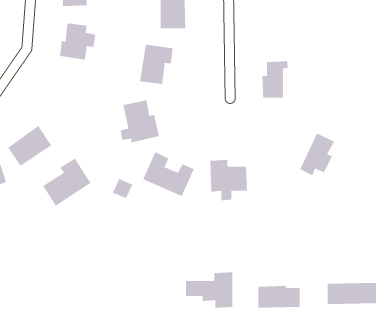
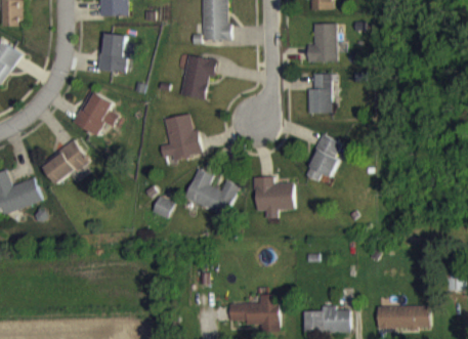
building: none -> [308,24,337,61]
building: none -> [72,92,118,135]
building: [299,133,335,176] -> [304,134,342,180]
building: [42,158,91,207] -> none

